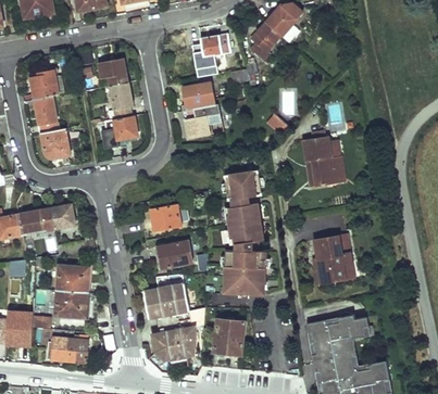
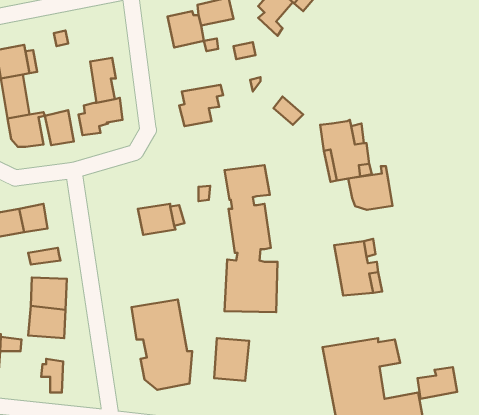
building: [99,59,128,85] -> none
building: [183,84,227,111] -> none
building: none -> [45,110,74,145]
building: none -> [348,166,393,210]
building: [158,240,190,268] -> none
building: [46,338,76,363] -> none
building: none -> [418,367,457,399]

